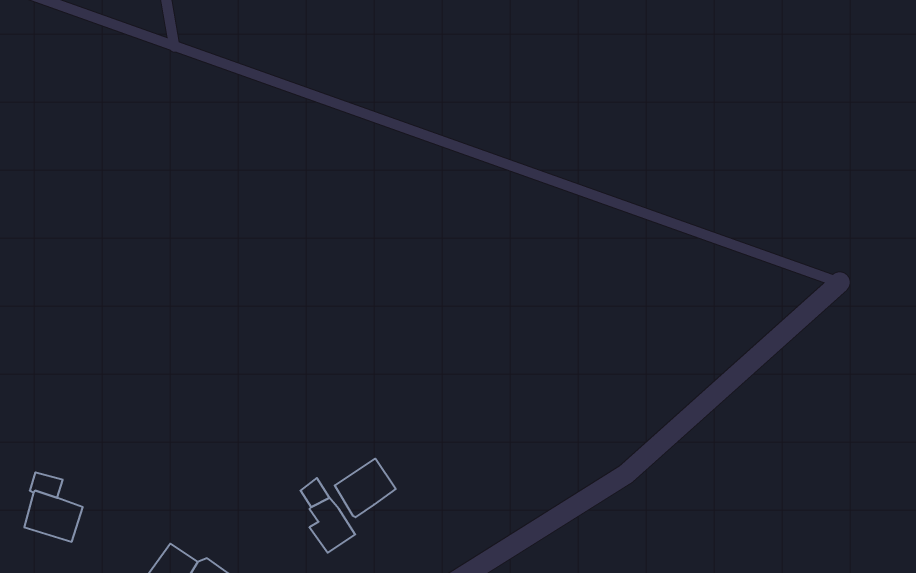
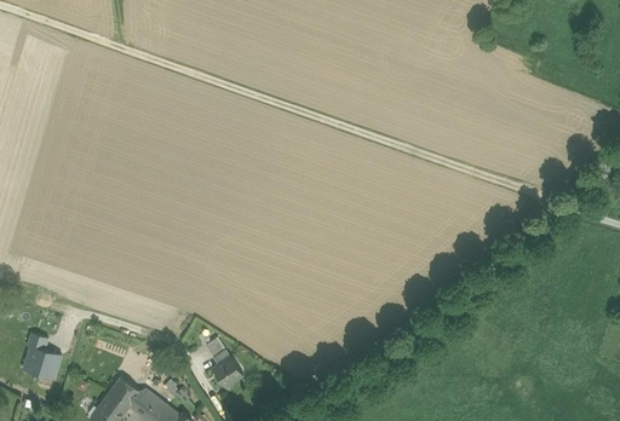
building: [335,459,396,517] -> none

